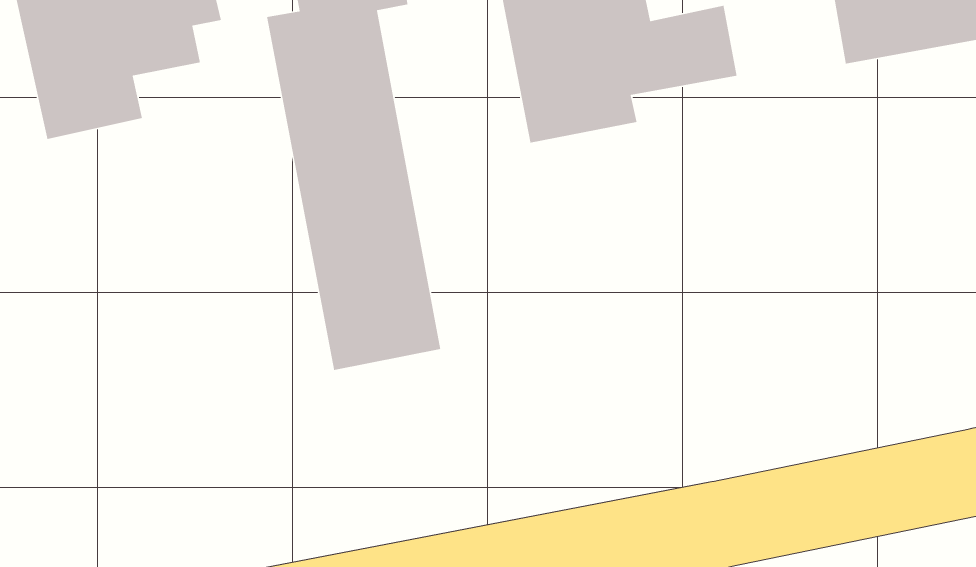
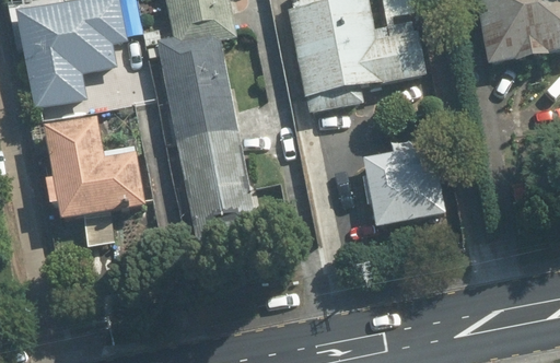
building: none -> [38,117,140,241]
building: none -> [361,143,440,226]

